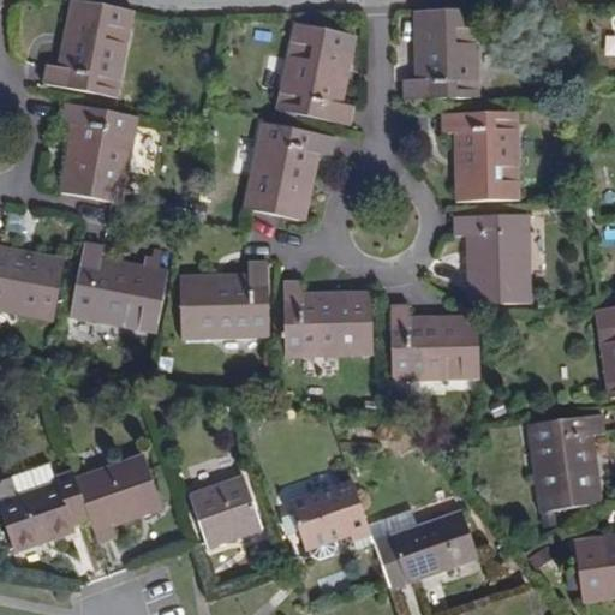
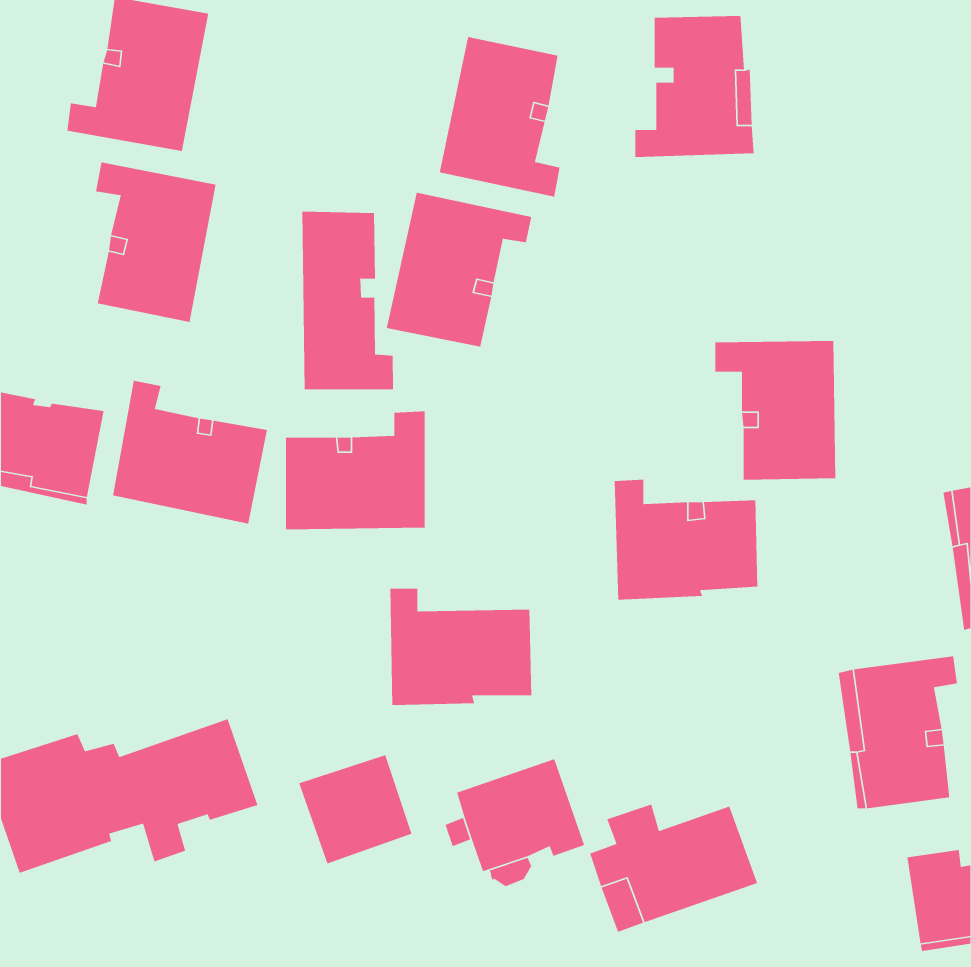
building: [440,112,518,202] -> none
building: none -> [301,211,394,390]
building: [281,280,371,354] -> [390,588,532,706]

